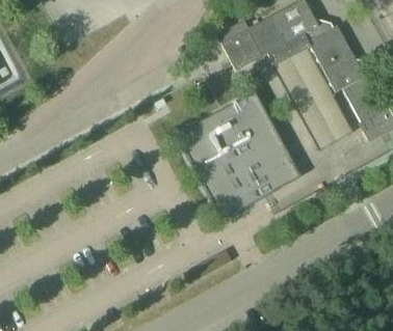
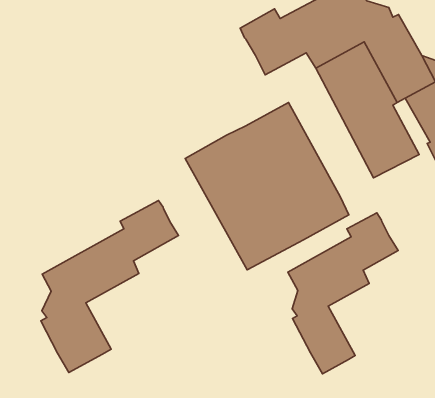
building: none -> [41,201,179,373]
building: none -> [288,213,398,374]

